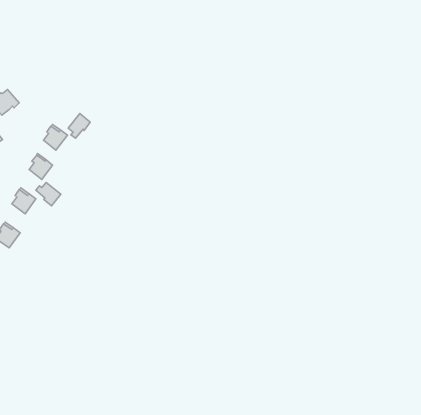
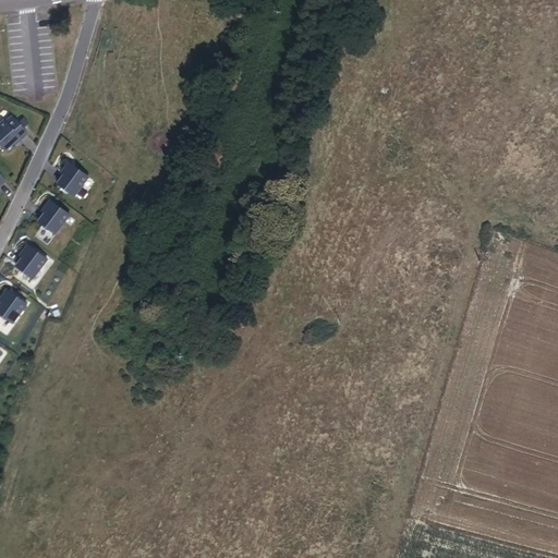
building: [68,113,90,138] -> none
building: [36,182,61,206] -> none

